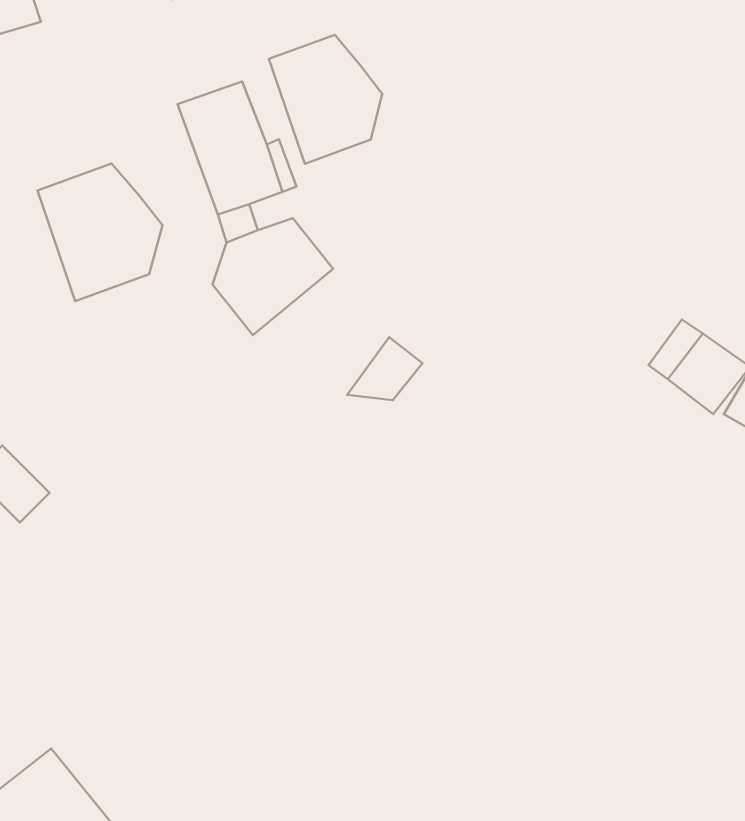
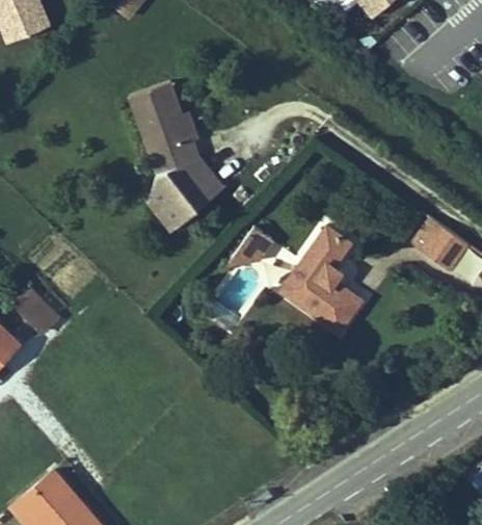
building: [269,35,382,164] -> none
building: [38,164,162,301] -> none
building: none -> [279,229,363,340]

